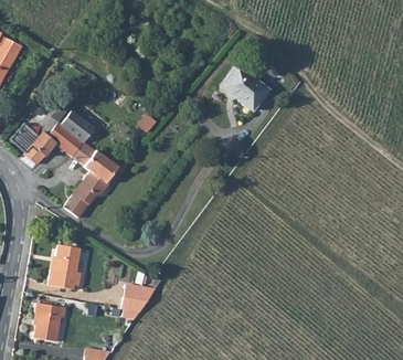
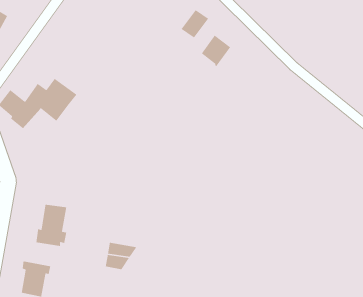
building: [240,80,269,110] -> [181,9,209,39]
building: [64,141,119,219] -> none

